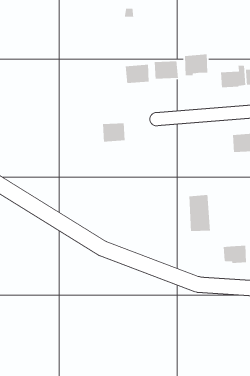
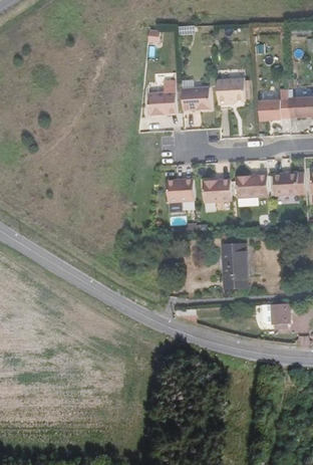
building: [102,123,125,142] -> [167,179,194,202]
building: none -> [236,174,268,197]
building: none -> [203,179,231,202]

